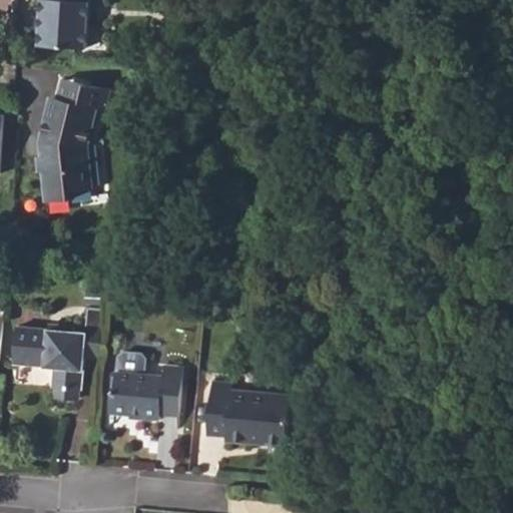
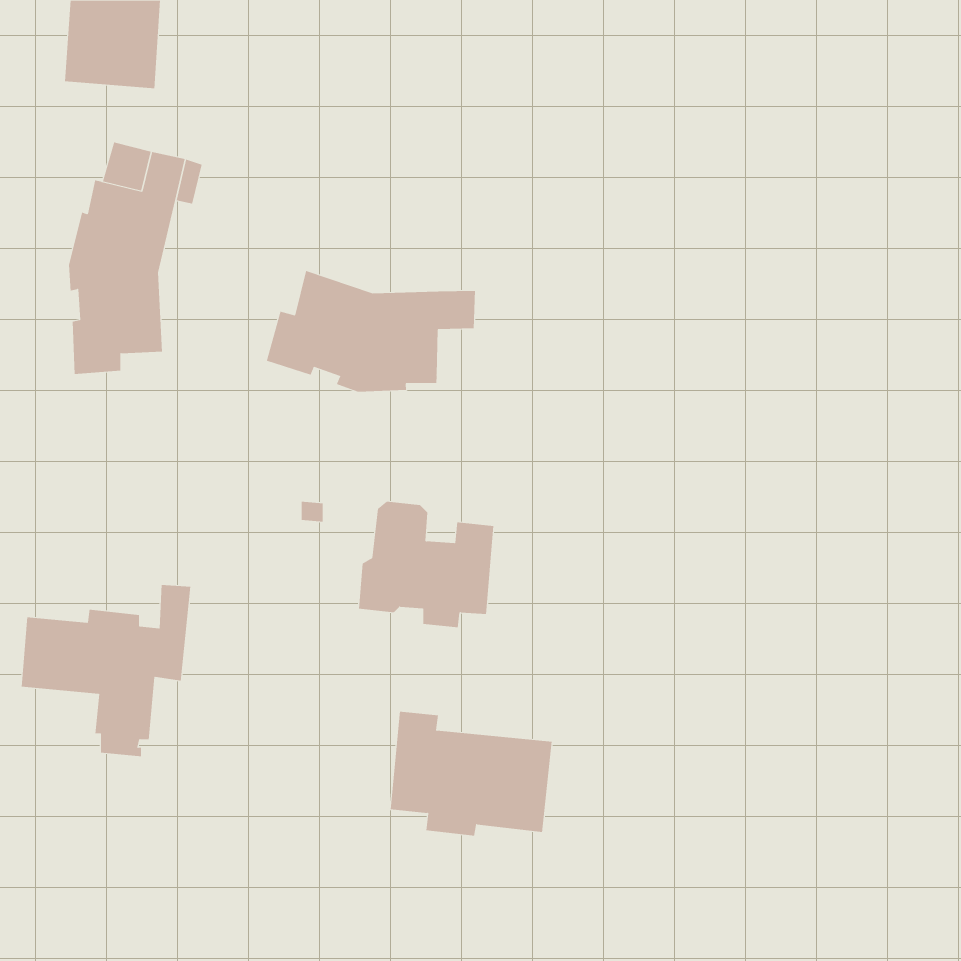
building: none -> [266,270,476,393]
building: [108,353,180,420] -> [358,501,494,628]

